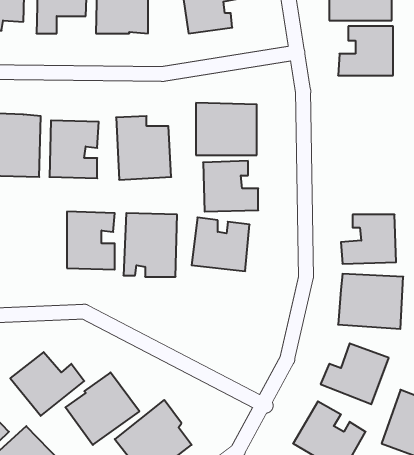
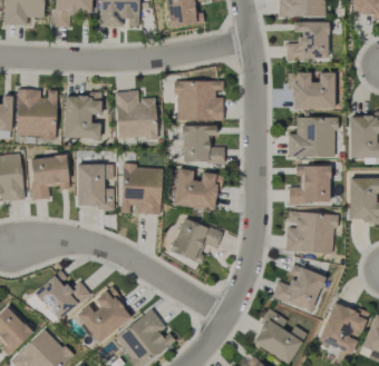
building: none -> [290,71,334,109]
building: none -> [288,117,336,157]
building: none -> [30,155,69,199]
building: none -> [169,217,223,264]

